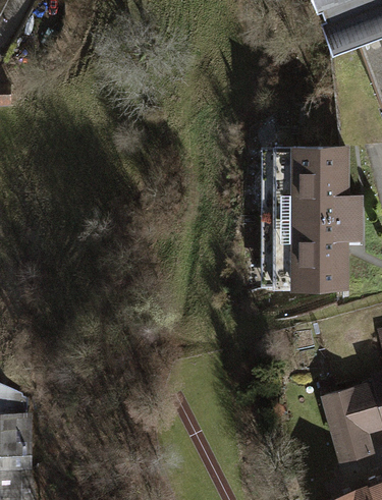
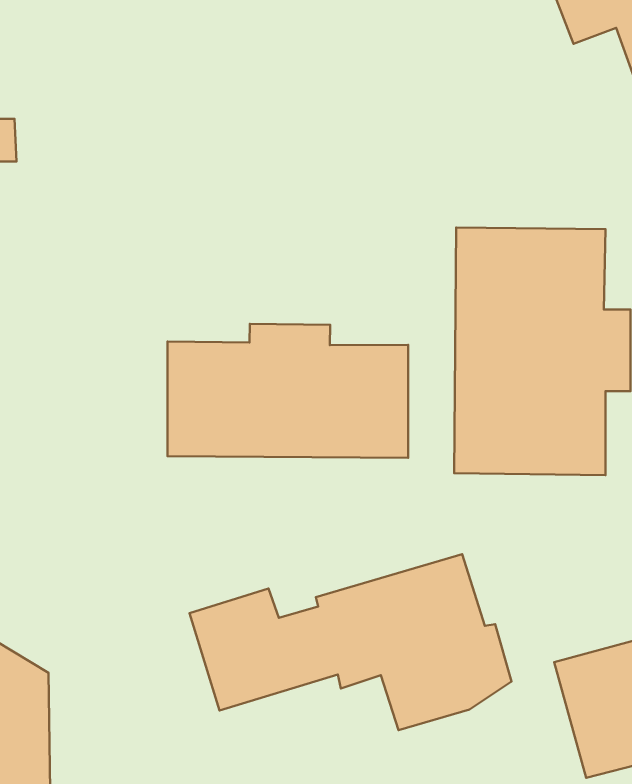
building: none -> [167,324,408,458]
building: none -> [189,554,512,730]

